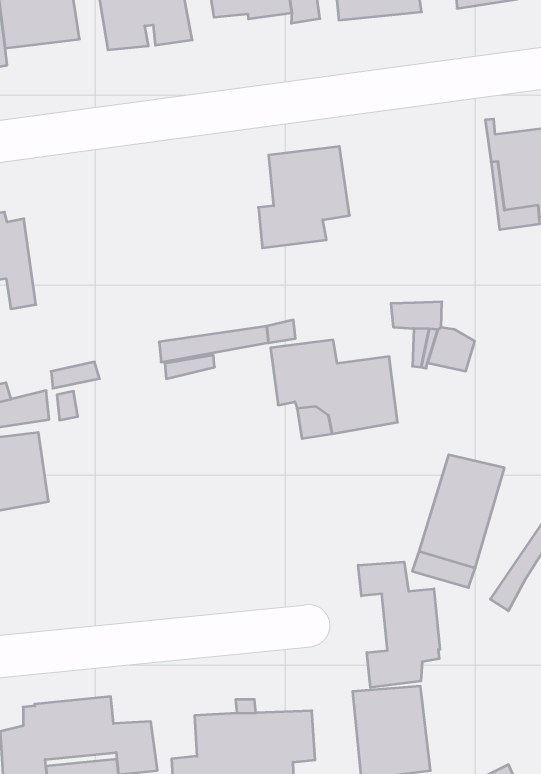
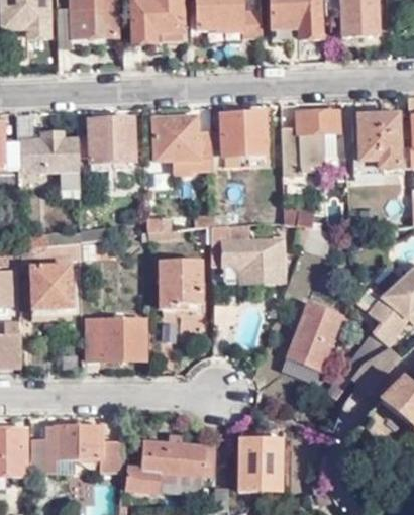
building: none -> [283,110,340,176]
building: none -> [153,114,210,172]
building: none -> [78,118,133,162]
building: none -> [158,259,203,307]
building: none -> [87,319,146,358]
building: [358,562,440,687] -> none

